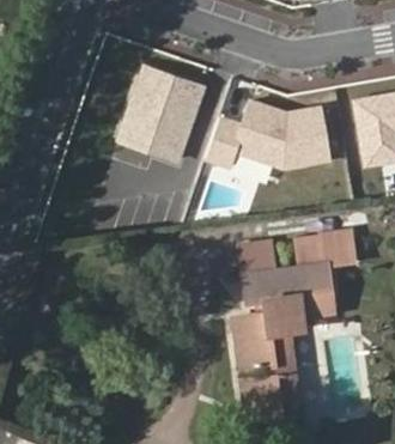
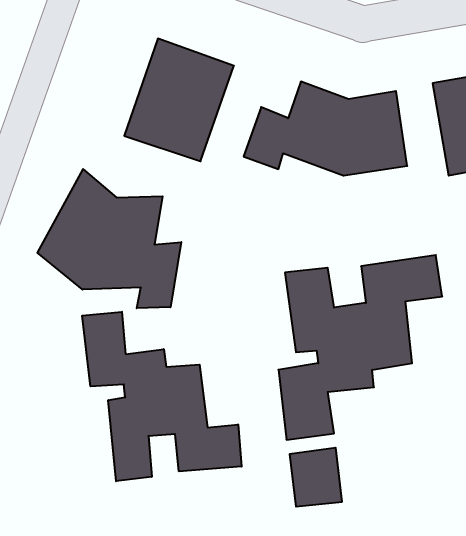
building: none -> [37,169,181,308]
building: none -> [82,312,242,481]

